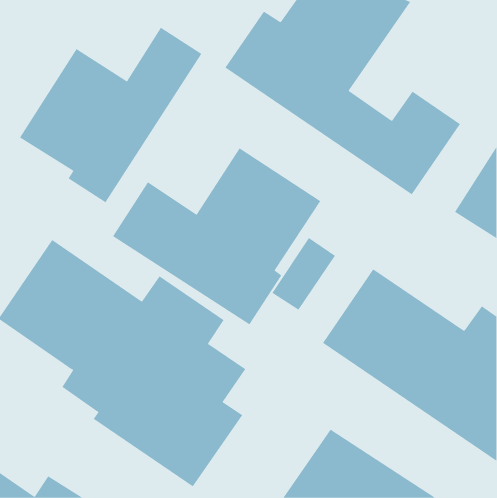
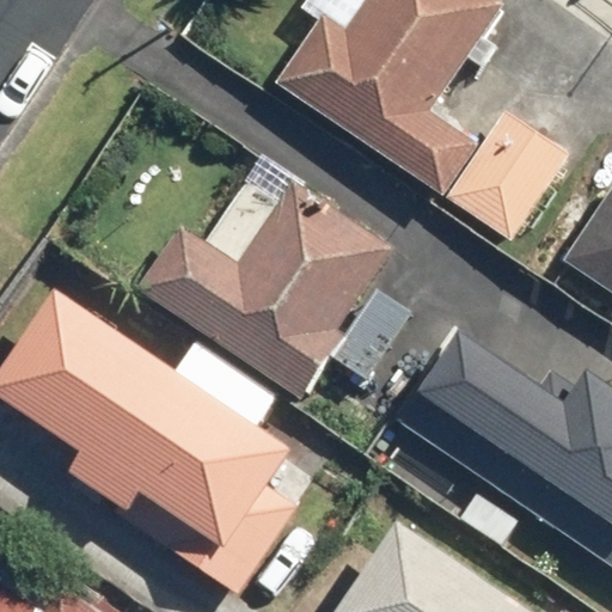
building: [19,27,202,203] -> none

